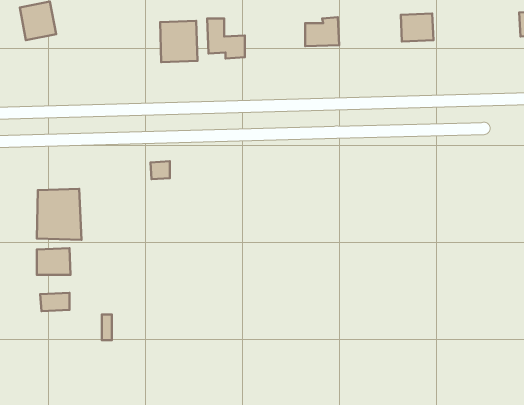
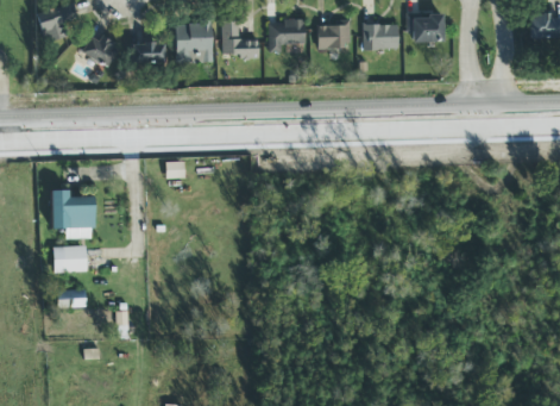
building: none -> [268,20,304,52]
building: none -> [363,24,398,50]
building: none -> [80,32,117,67]
building: none -> [131,43,164,64]

